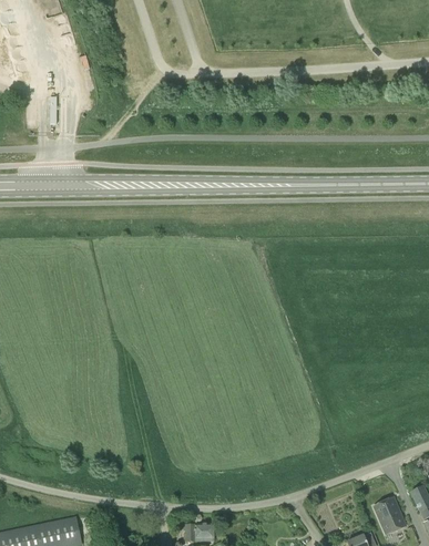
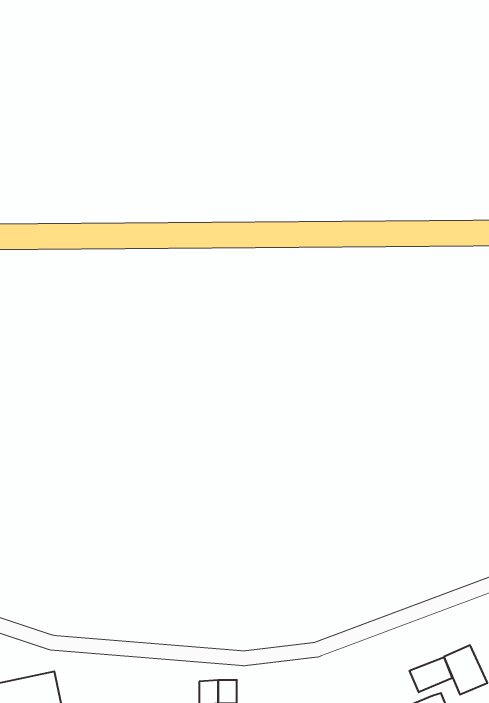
building: none -> [410,657,452,692]

